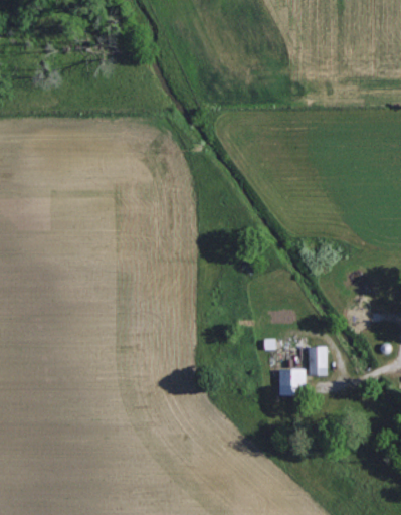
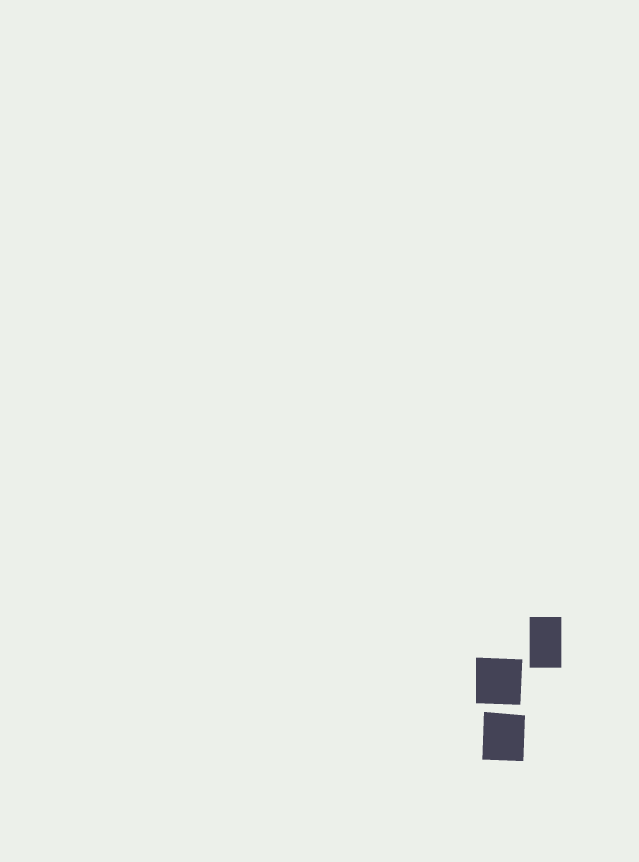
building: none -> [482,711,525,762]

